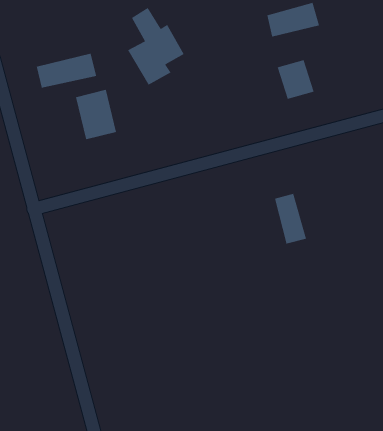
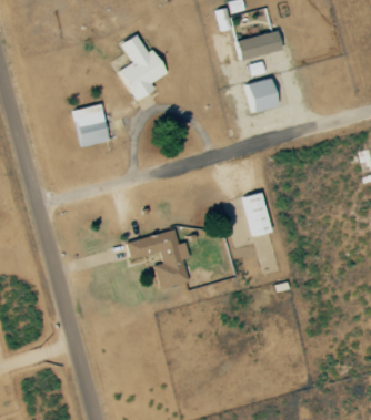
building: [36,53,97,88] -> none
building: none -> [127,231,190,289]

